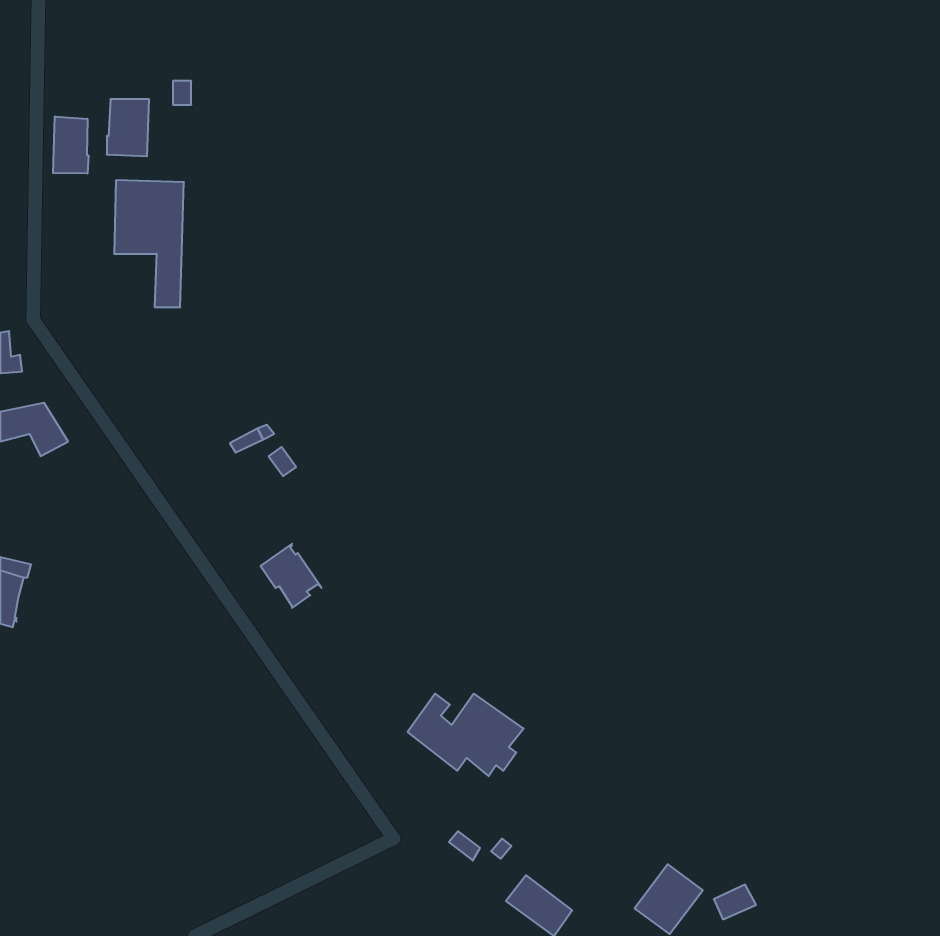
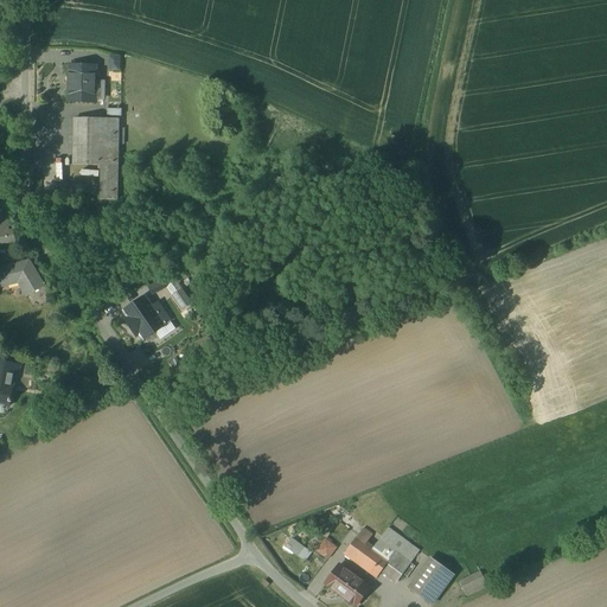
building: [53,116,88,174] -> none
building: [261,544,321,608] -> [124,295,164,337]
building: [408,694,524,776] -> [345,526,420,580]

